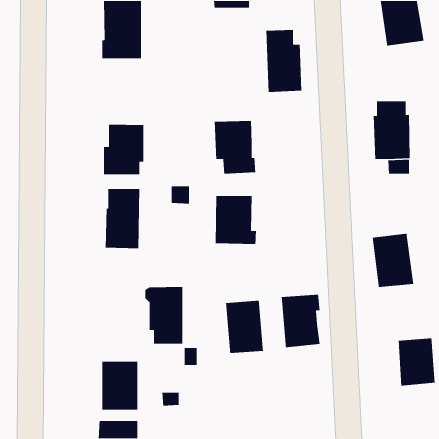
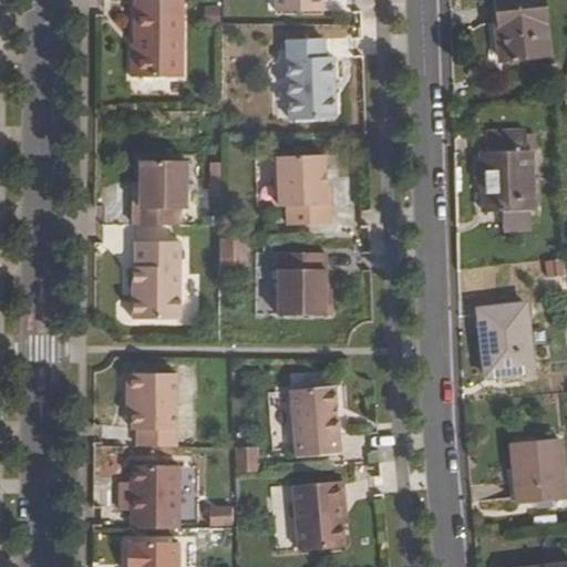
building: [265,29,302,93] -> [287,38,334,120]
building: [144,286,183,345] -> [126,372,176,447]
building: [281,294,320,348] -> [293,481,344,550]

